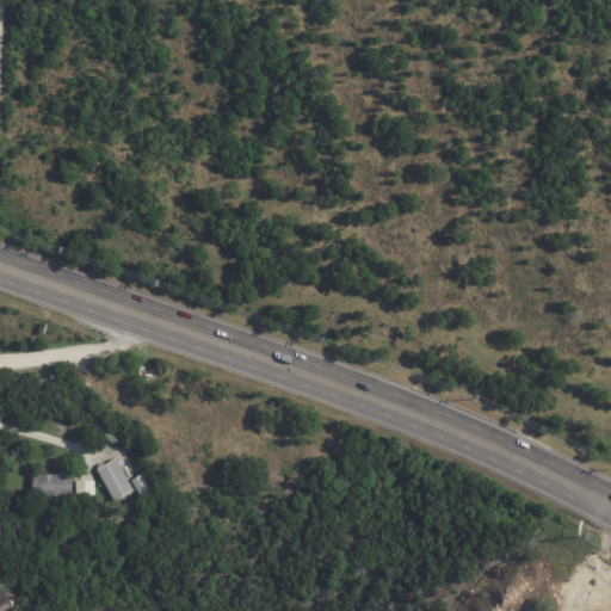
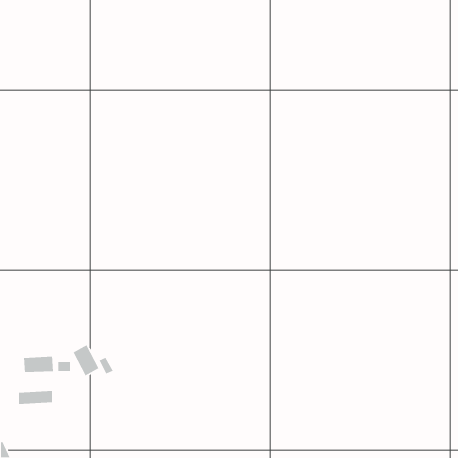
building: none -> [18,390,53,405]

